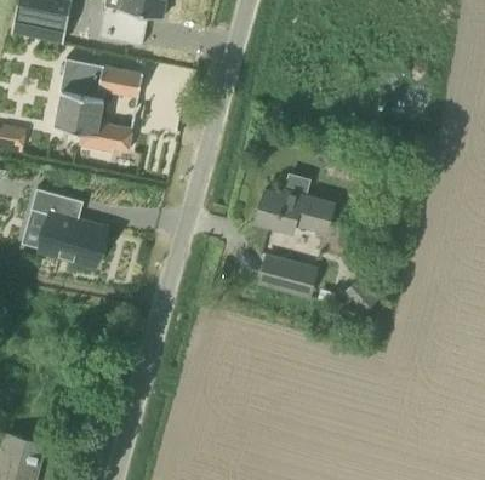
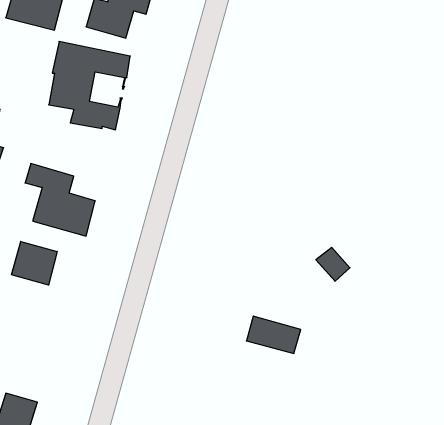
building: [255,172,332,232] -> none
building: [257,255,315,295] -> [246,316,301,353]
building: none -> [12,241,57,285]

